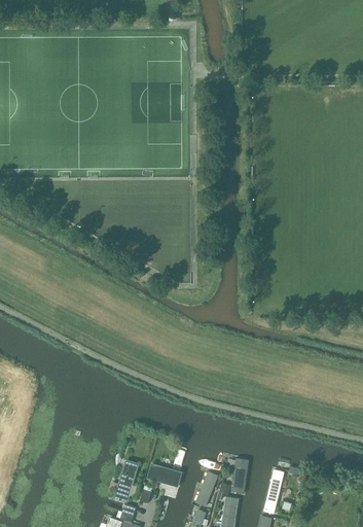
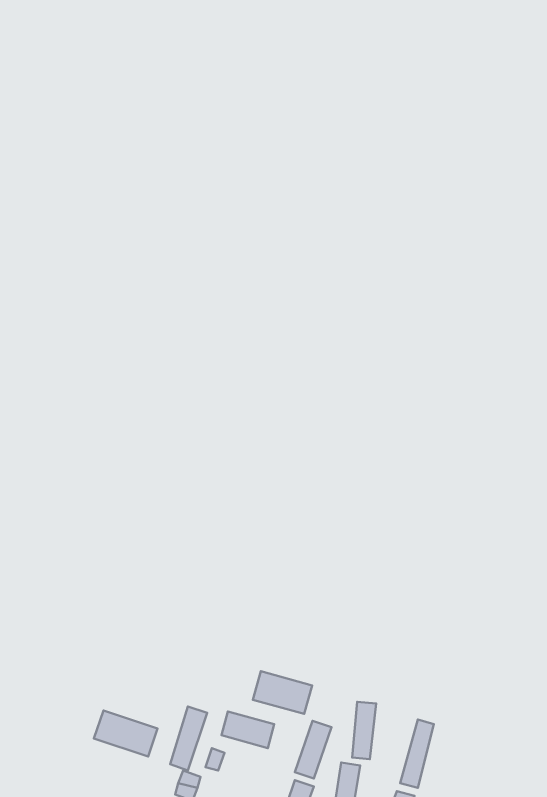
building: none -> [253,671,312,714]
building: none -> [94,711,158,757]

